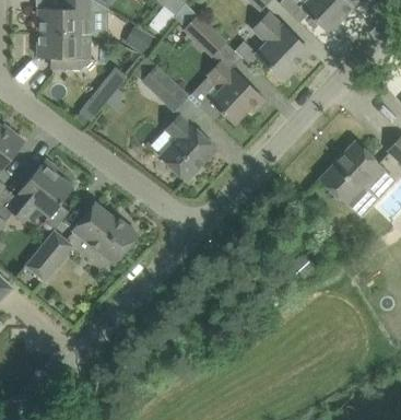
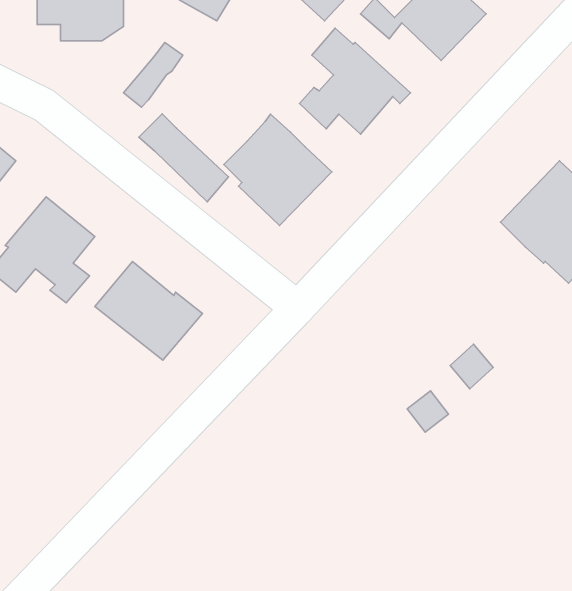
building: [132,57,187,110] -> [139,114,229,202]
building: [26,232,70,278] -> none

